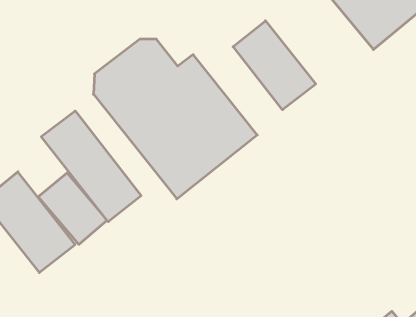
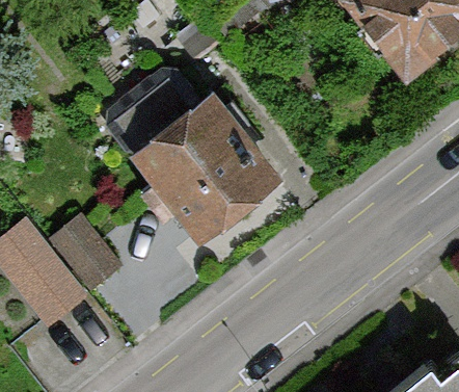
building: [233,21,316,110] -> none
building: [41,111,141,222] -> none

